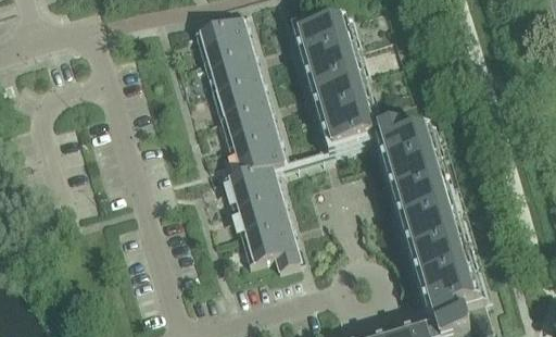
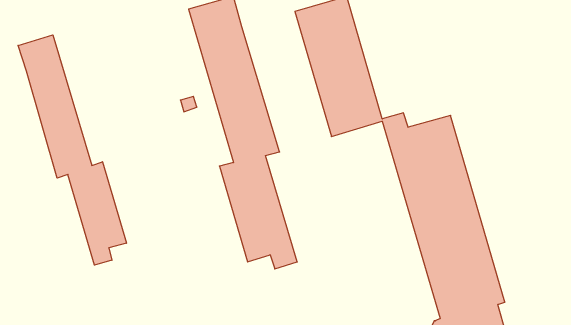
building: none -> [18,35,126,265]

